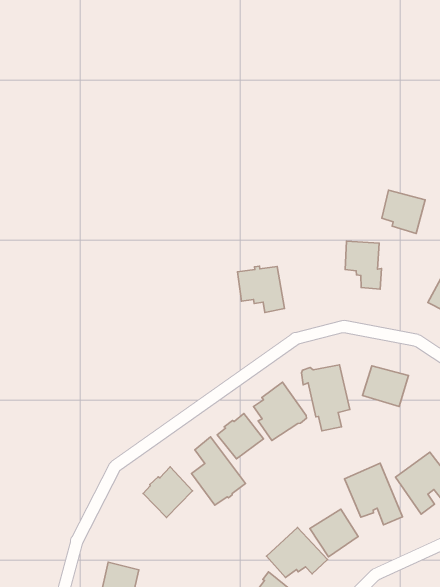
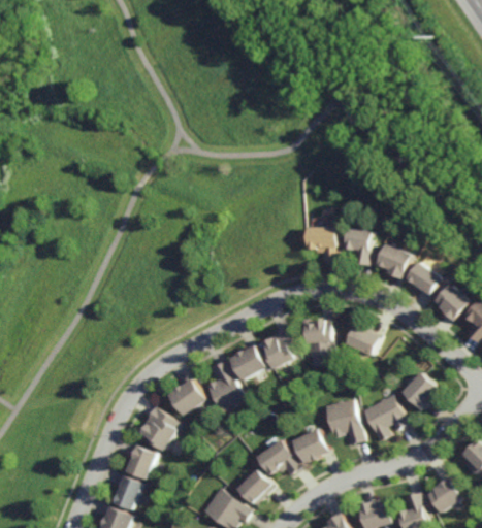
building: [382,190,425,234] -> [377,242,412,278]
building: [238,266,284,313] -> [307,224,339,260]
building: none -> [139,407,181,452]

